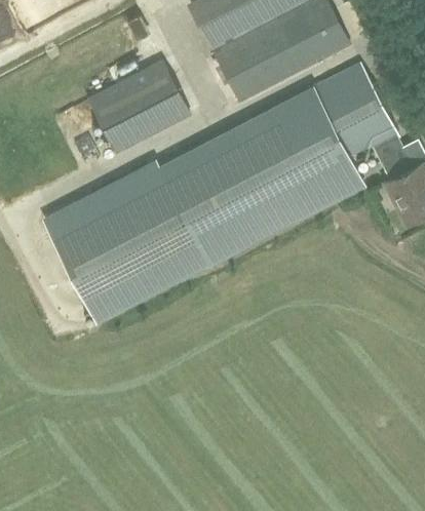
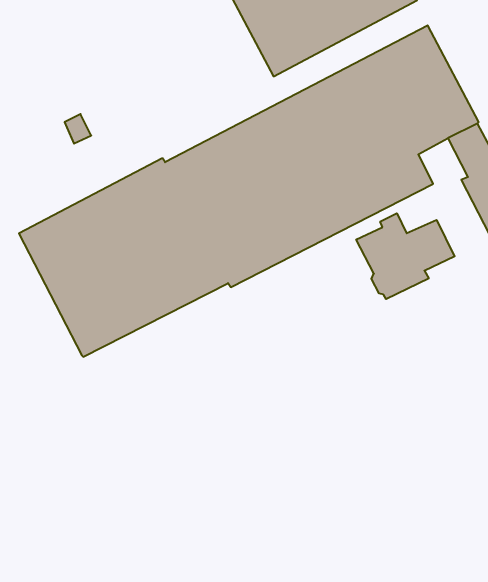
building: [88,62,190,153] -> none
building: none -> [356,213,455,299]

